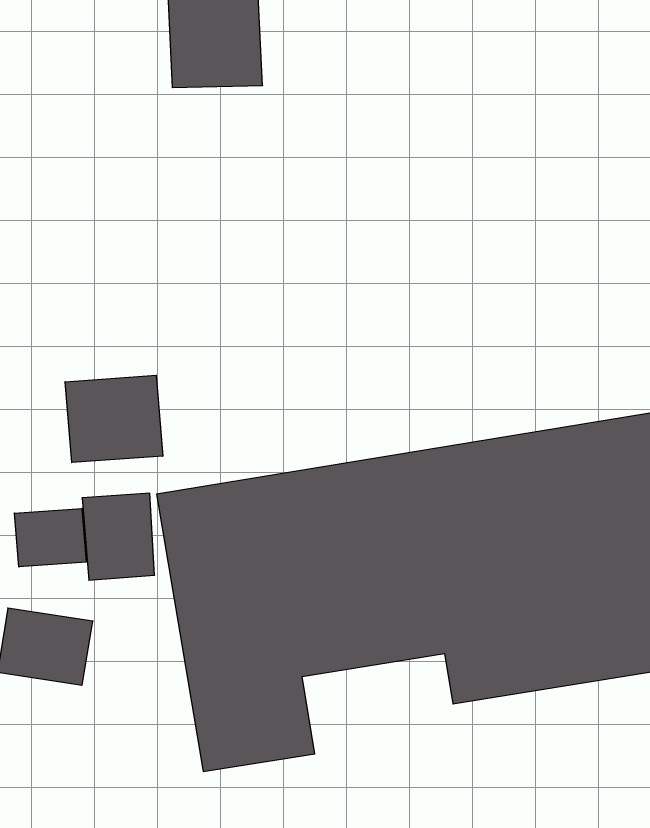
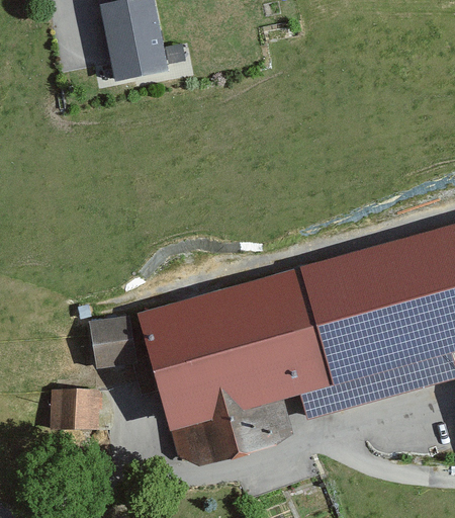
building: [65,375,163,463] -> none
building: [14,508,86,567] -> none

